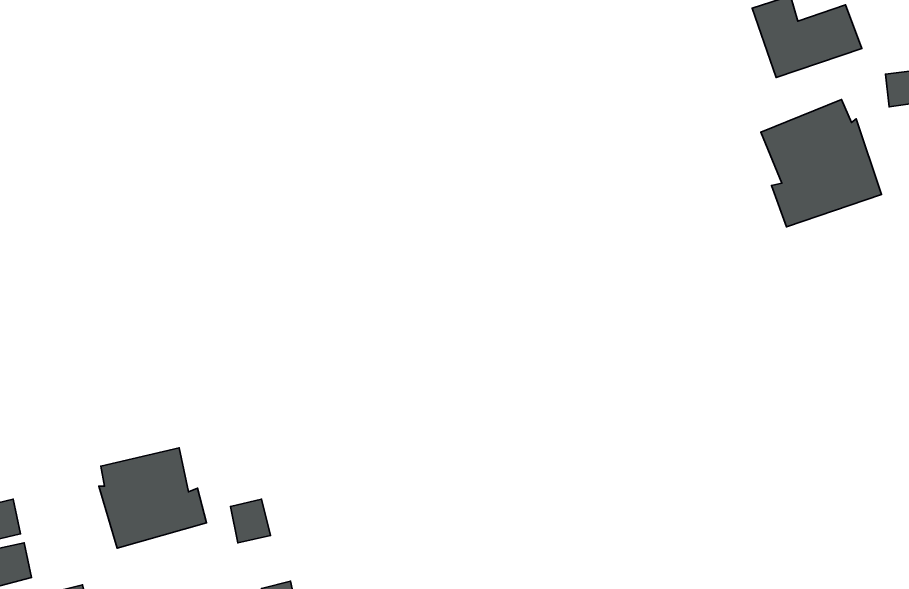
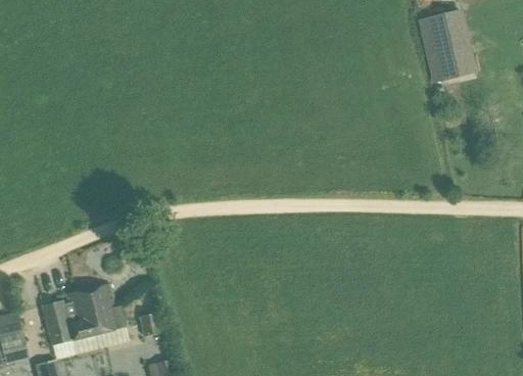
building: [761,100,882,227] -> none
building: none -> [40,300,74,347]

